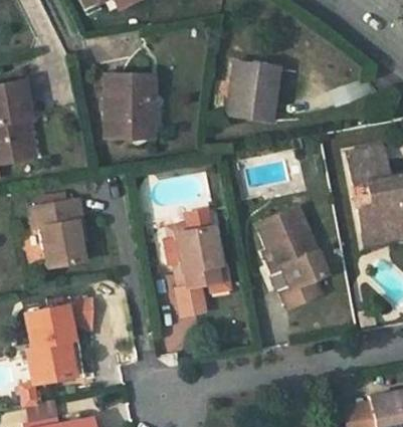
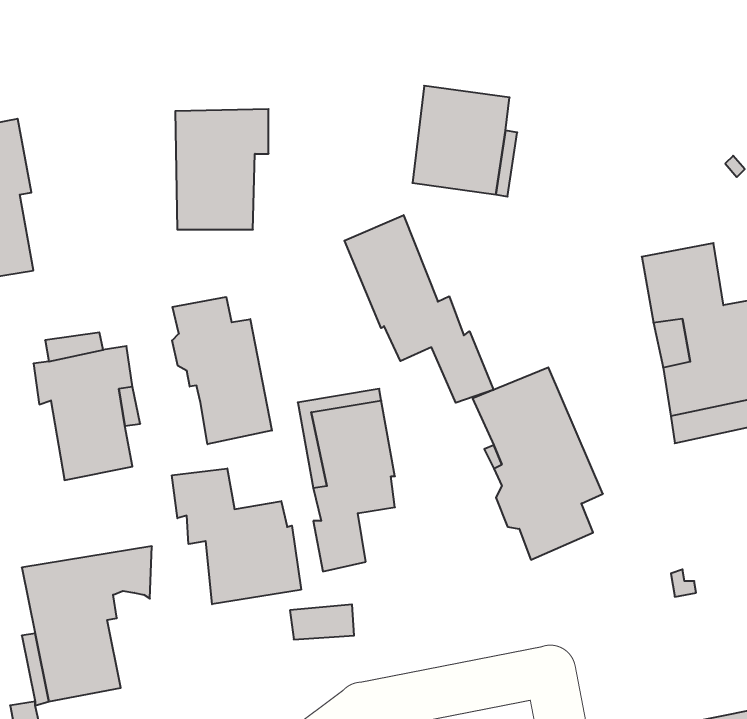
building: none -> [344,215,494,403]
building: none -> [172,297,272,444]
building: none -> [172,468,301,604]

